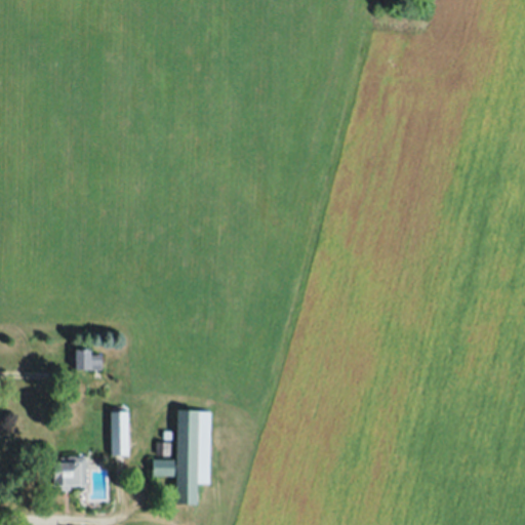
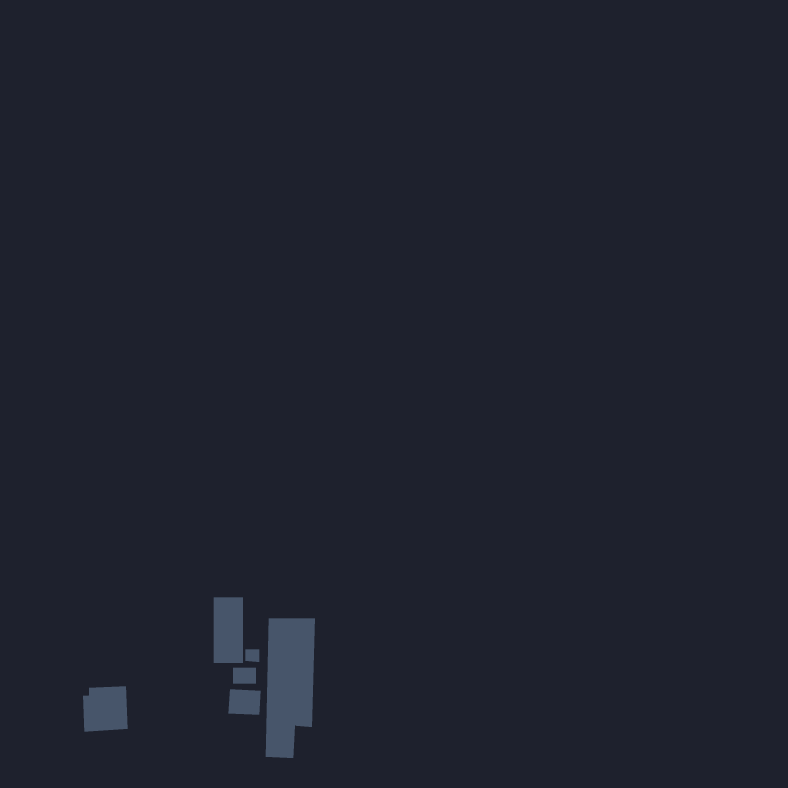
building: [75,349,104,370] -> none
building: [111,412,131,456] -> [213,597,244,663]

